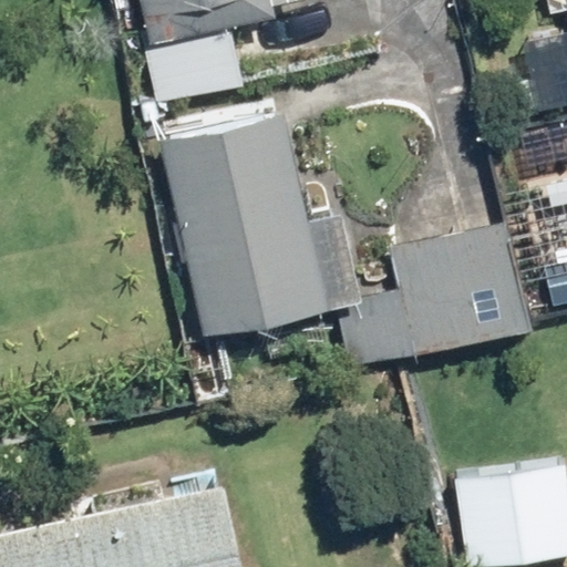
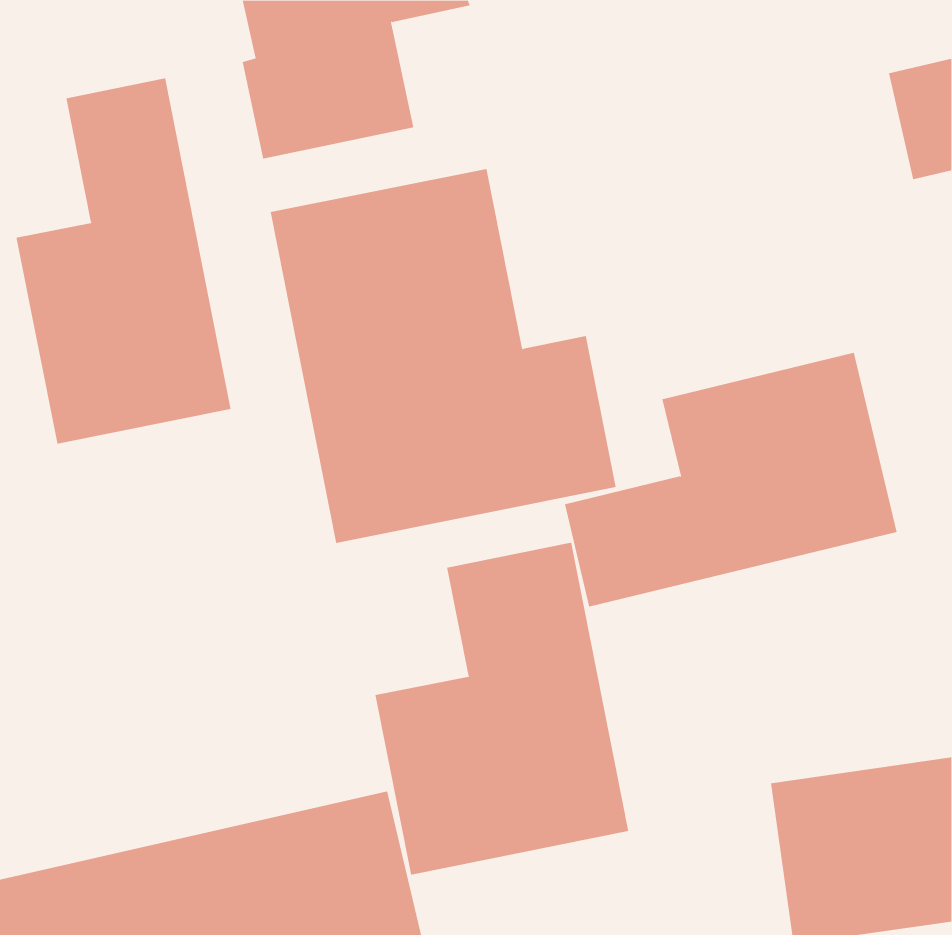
building: none -> [16,78,231,445]
building: none -> [375,542,629,875]

